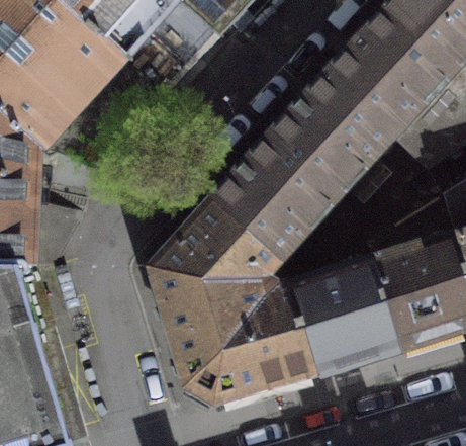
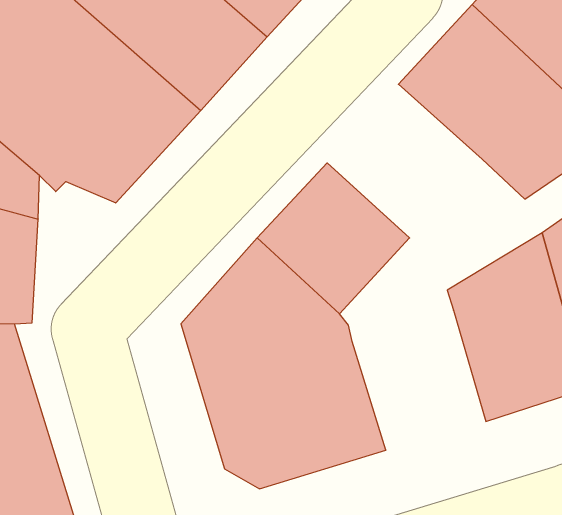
building: [267,72,392,196] -> none
building: [287,255,395,368] -> none

